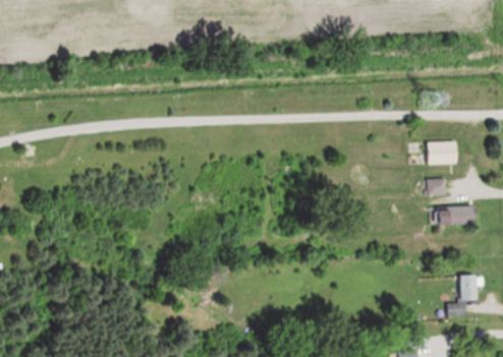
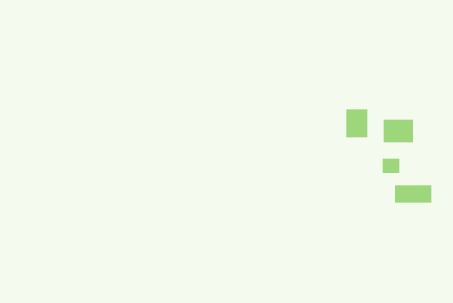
building: none -> [346,108,368,138]
building: [446,275,481,317] -> none

